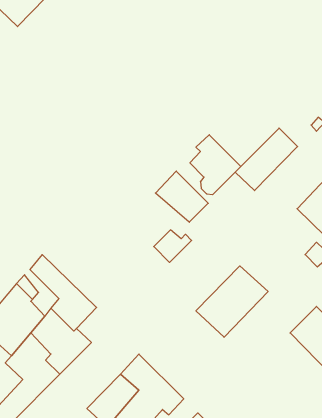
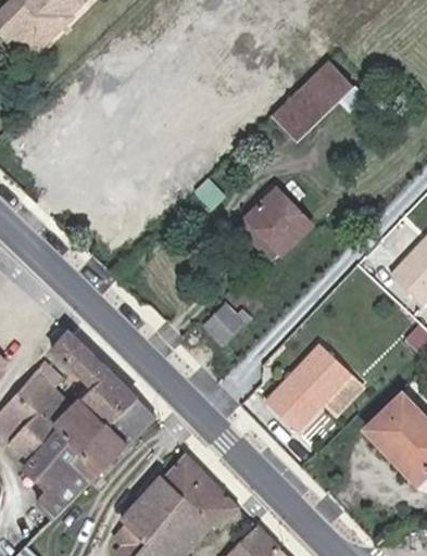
building: [235,128,298,191] -> [274,62,351,139]
building: [155,171,208,222] -> none
building: none -> [111,397,154,441]

